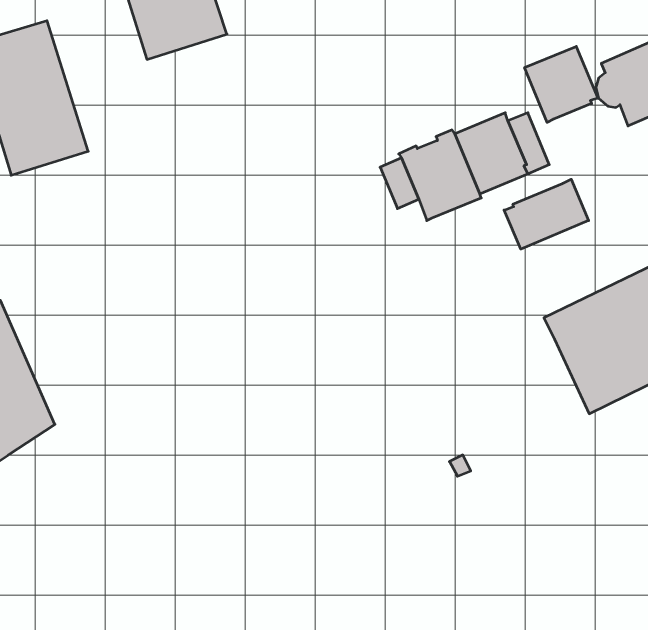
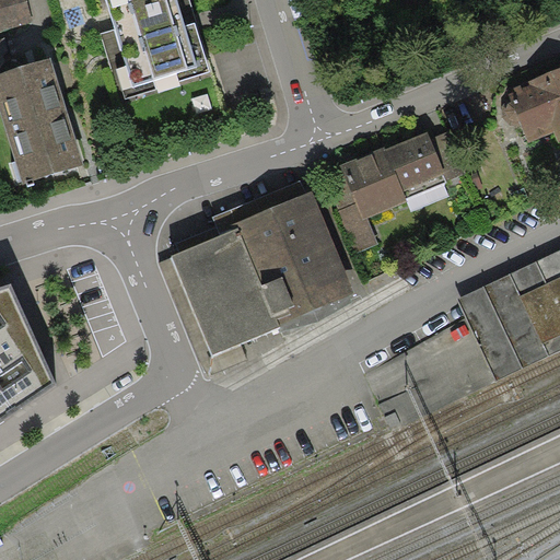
building: [525,46,598,122] -> none
building: [504,179,589,249] -> none
building: none -> [170,190,355,354]
building: none -> [337,202,378,254]

